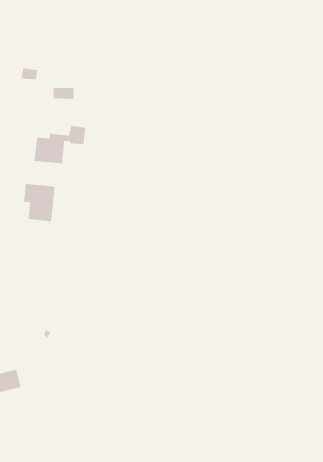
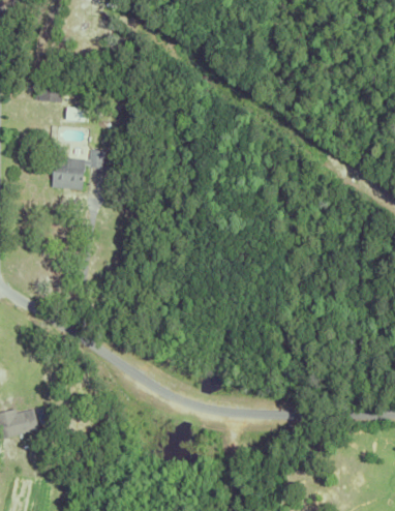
building: [23,183,55,222] -> none

